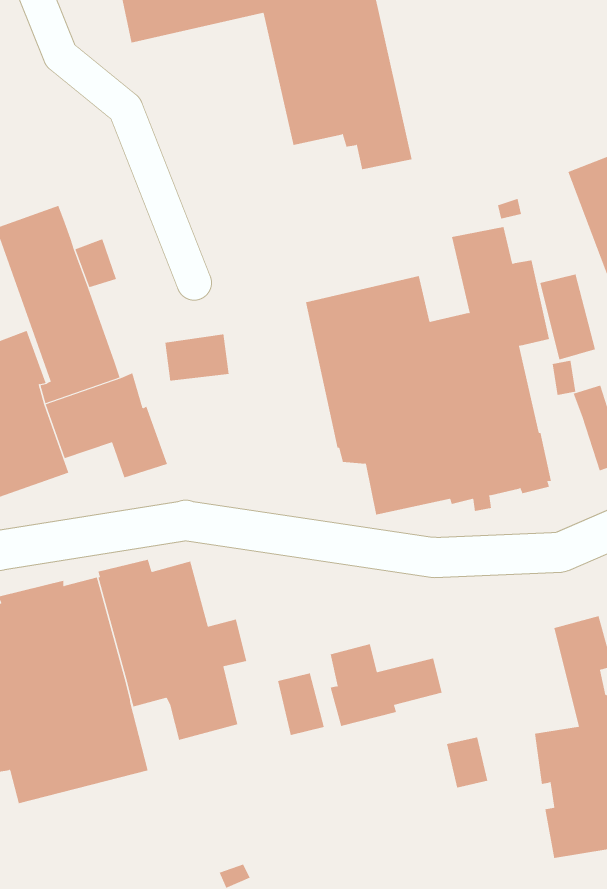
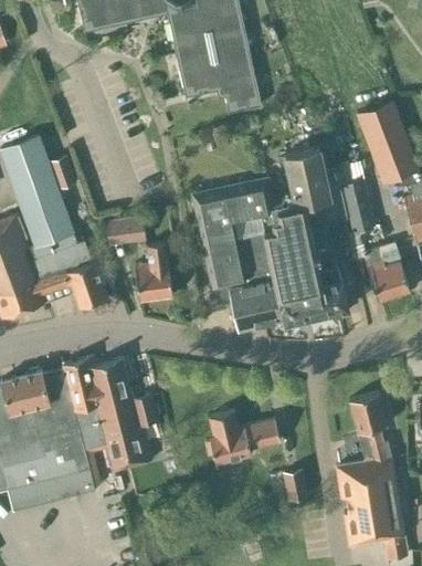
building: none -> [134,242,171,300]
building: [278,673,324,736] -> none

